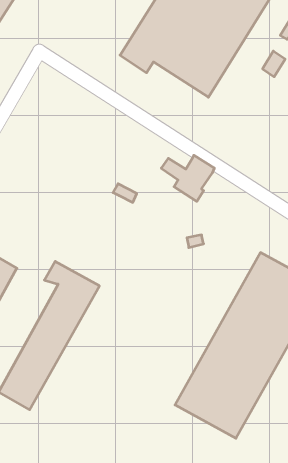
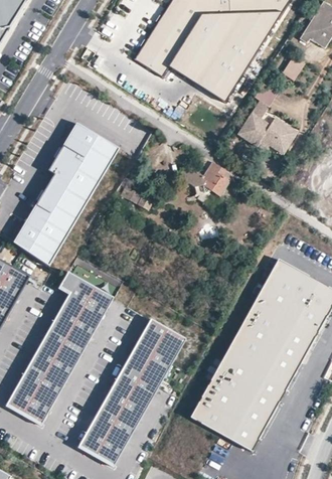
building: none -> [236,100,296,153]
building: none -> [15,121,118,264]
building: none -> [76,319,183,464]

